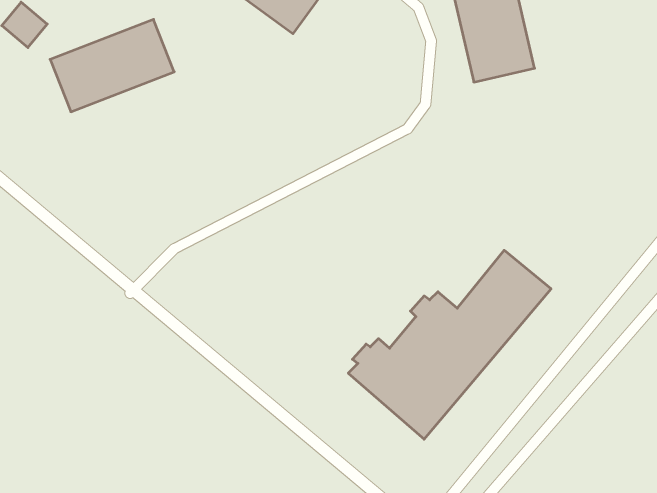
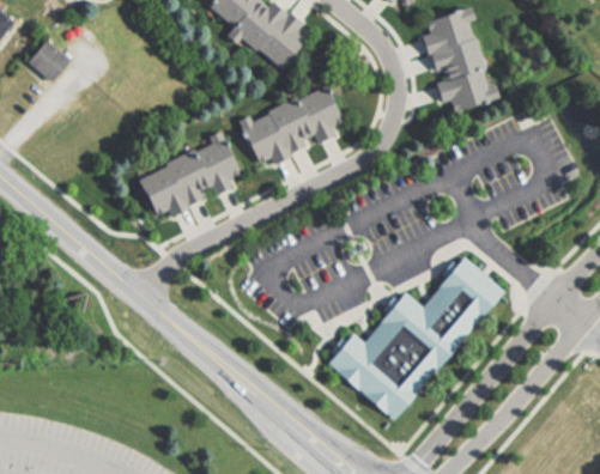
building: [50,19,174,112] -> [135,139,243,219]
building: none -> [237,83,345,169]

